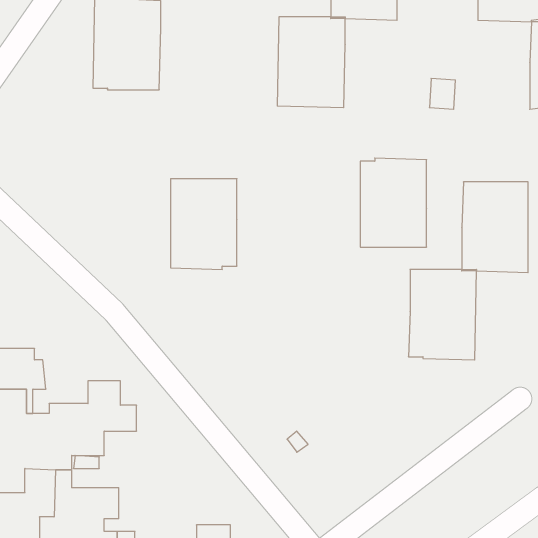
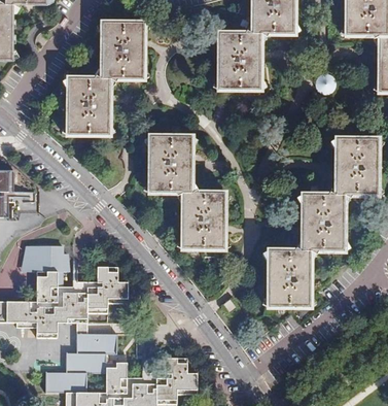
building: none -> [66,78,109,136]
building: [360,158,427,247] -> [182,193,224,249]
building: none -> [268,250,310,307]

